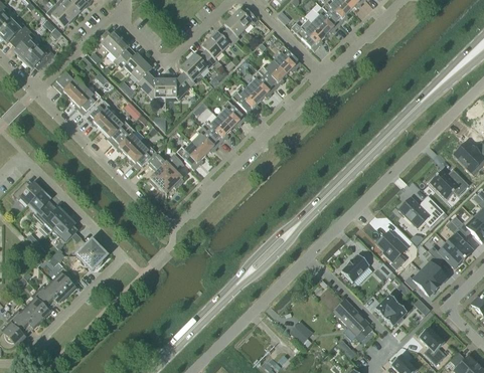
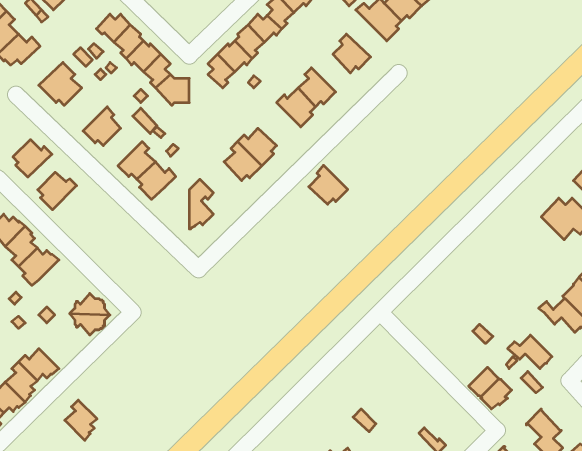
building: [258,60,287,88] -> none
building: [166,75,191,99] -> none
building: [72,85,102,114] -> [13,140,52,177]
building: [217,100,247,129] -> [309,165,348,204]
building: [102,116,131,144] -> [38,172,77,210]
building: [177,141,205,170] -> none
building: [148,152,166,191] -> none
building: [399,195,445,227] -> none
building: [53,214,77,244] -> none
building: [377,231,407,267] -> none
building: [341,253,370,282] -> none
building: [422,253,447,287] -> none
building: [53,265,77,296] -> [65,400,97,440]
building: [334,299,373,336] -> none

